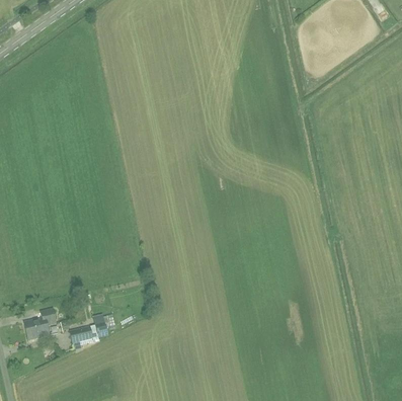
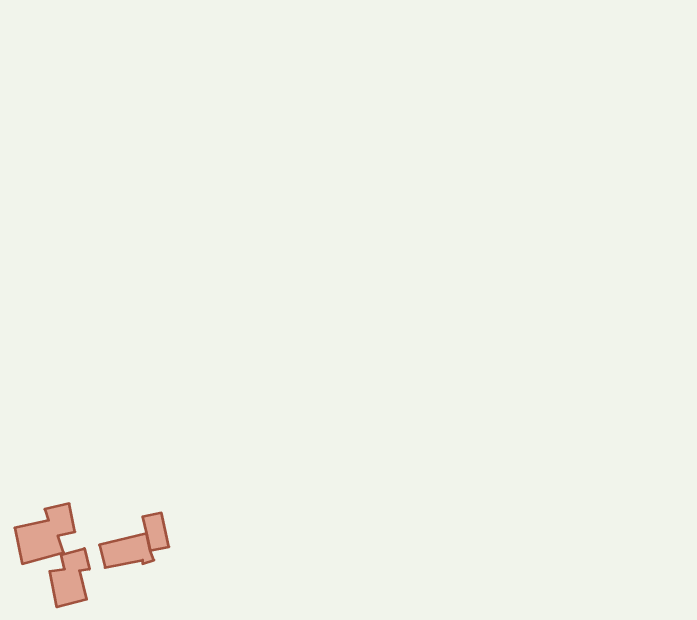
building: none -> [50,548,89,607]

